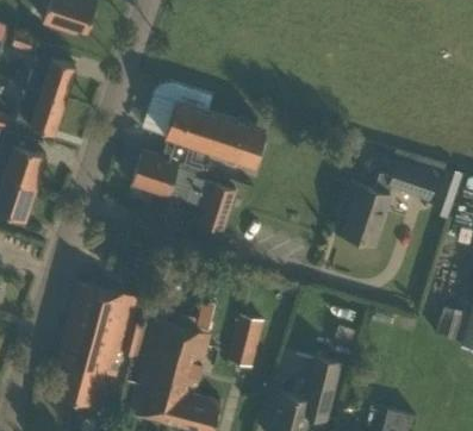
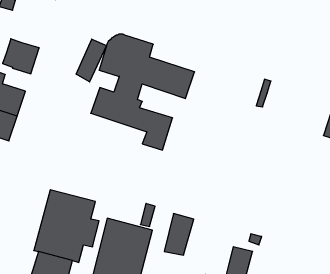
building: [27,56,75,100] -> none
building: none -> [76,39,107,82]
building: [337,164,436,246] -> none

